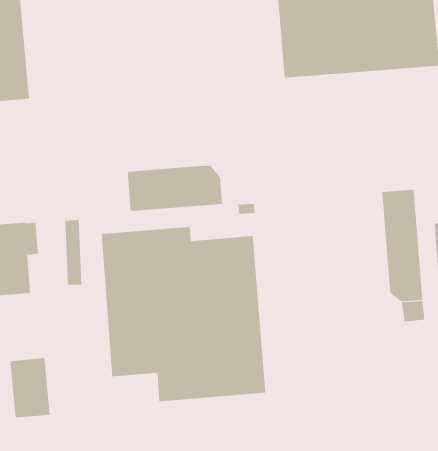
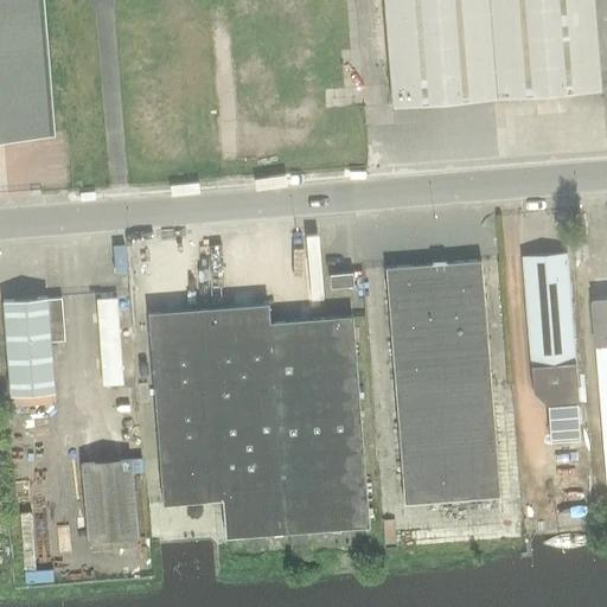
building: [127,165,223,212] -> none
building: none -> [385,261,500,505]
building: [10,358,50,418] -> [82,460,136,541]

